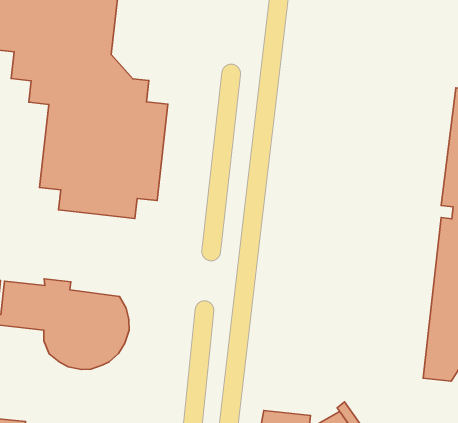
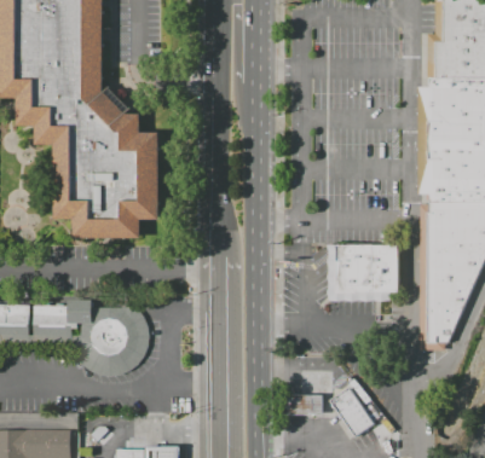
building: none -> [327,244,398,300]

